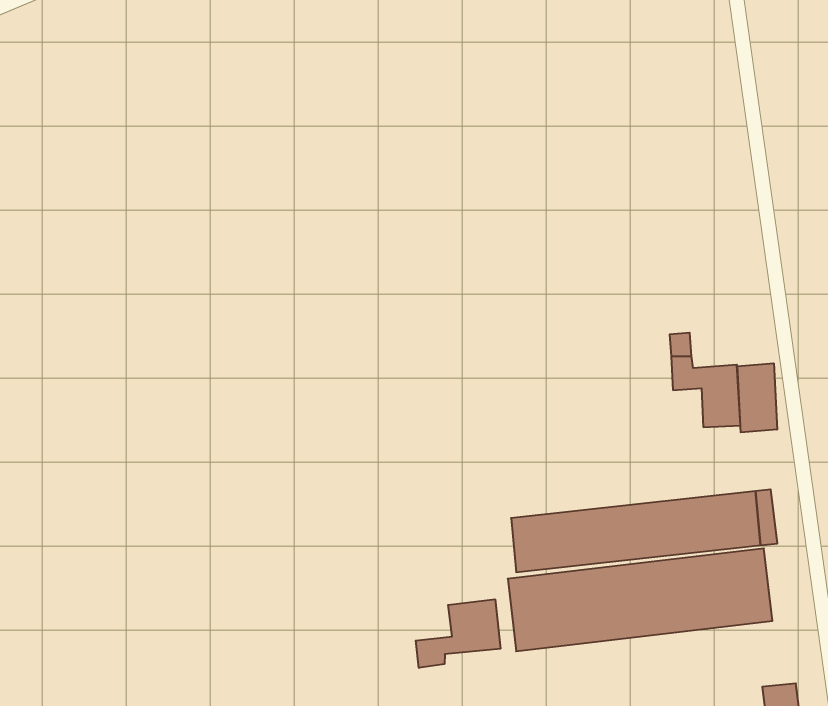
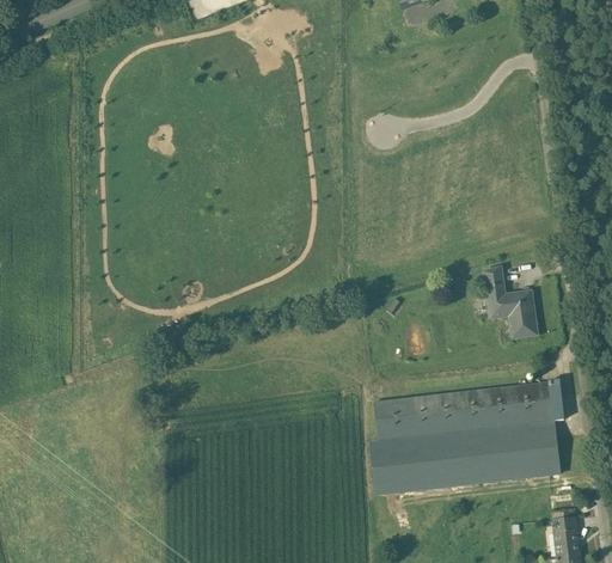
building: [737,363,777,432] -> none
building: [416,599,500,668] -> none

